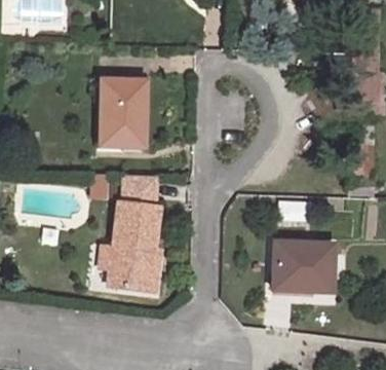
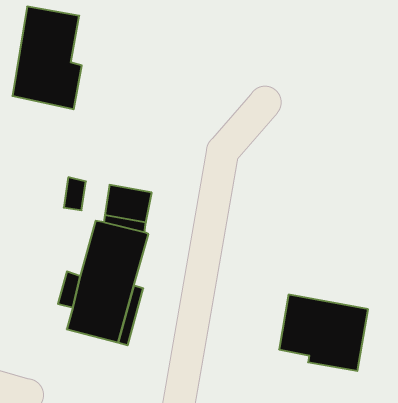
building: [103,83,150,153] -> [12,7,82,109]

